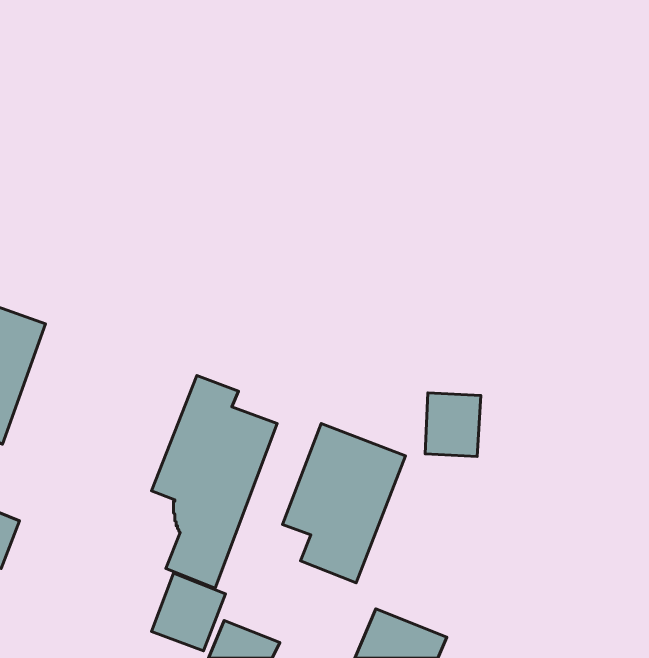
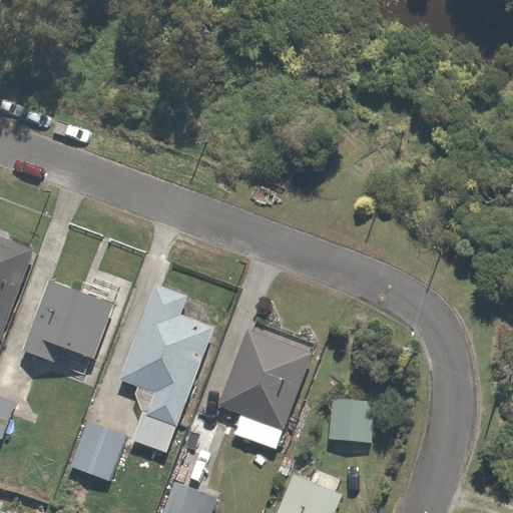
building: none -> [21,269,120,379]
building: [425,393,481,456] -> [328,394,371,443]
building: [152,573,225,651] -> [67,423,124,483]

